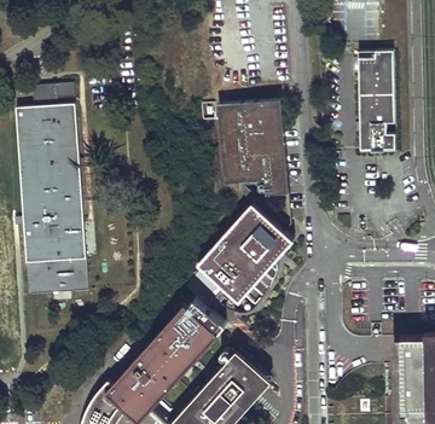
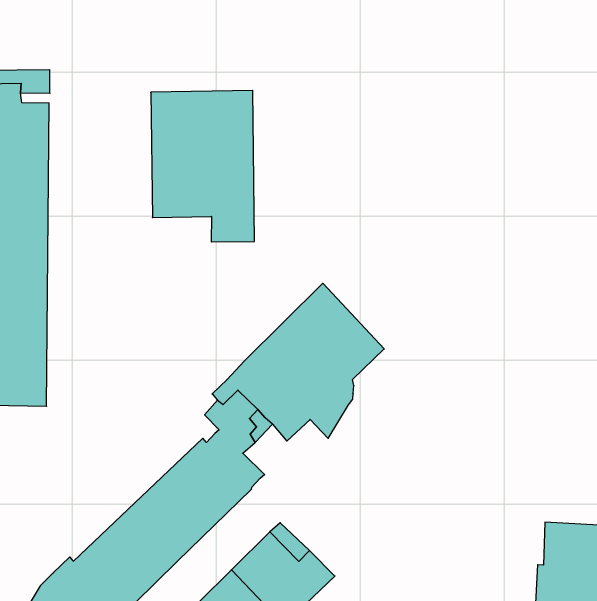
building: [358,53,394,153] -> none
building: [215,94,286,190] -> [151,90,254,242]

